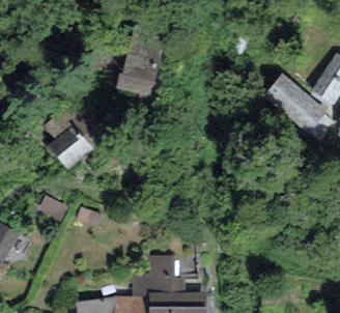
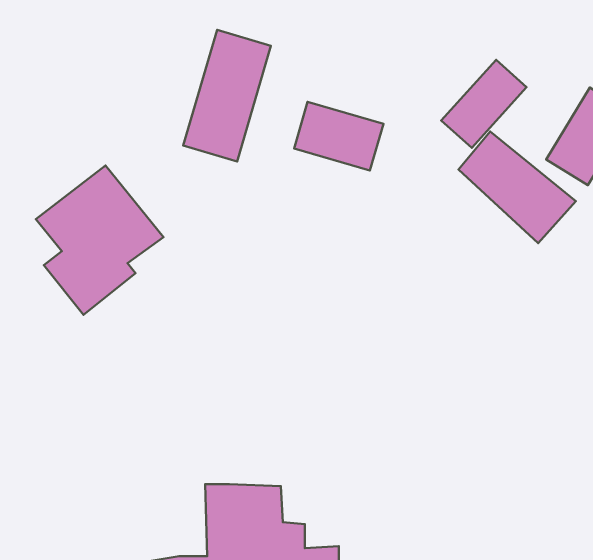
building: none -> [441,60,527,148]
building: none -> [294,102,383,171]

